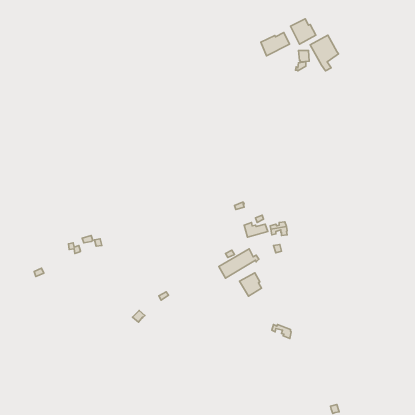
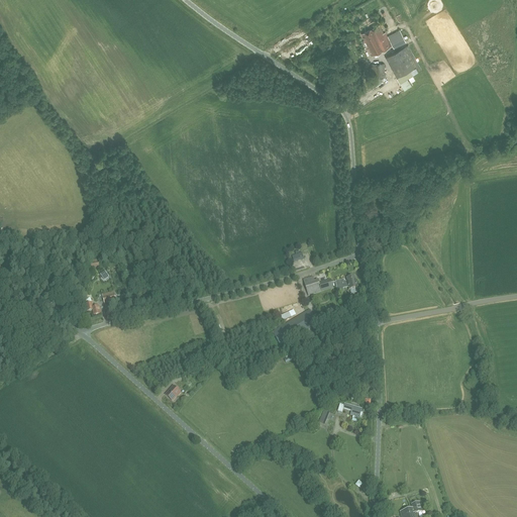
building: [261,33,290,56] -> none
building: [240,273,262,296] -> none

